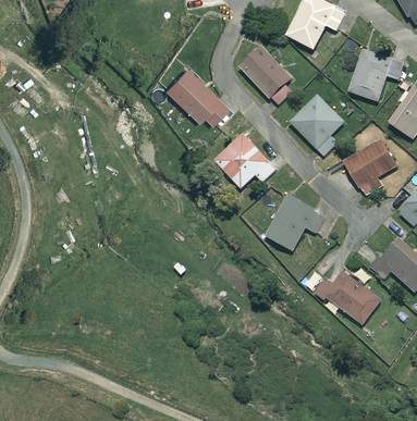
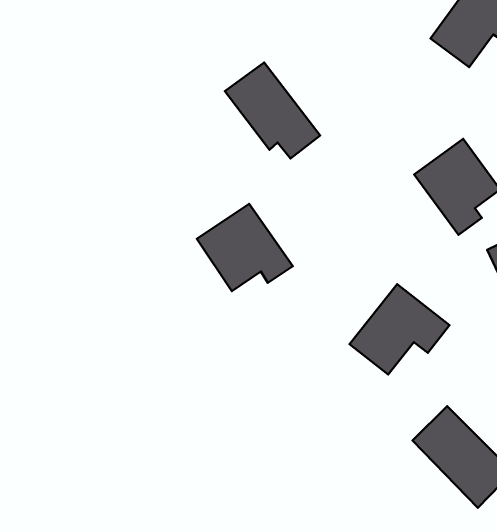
building: [240,46,292,107] -> none
building: [213,133,277,189] -> [197,204,293,291]

